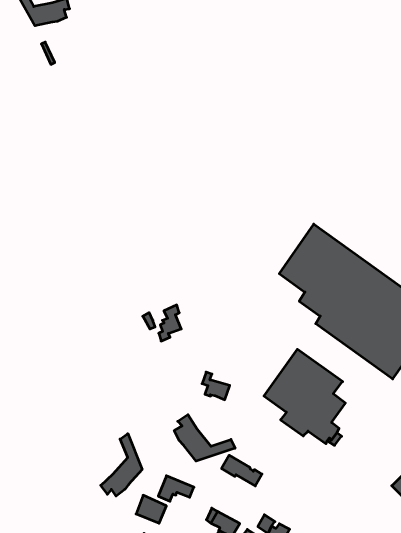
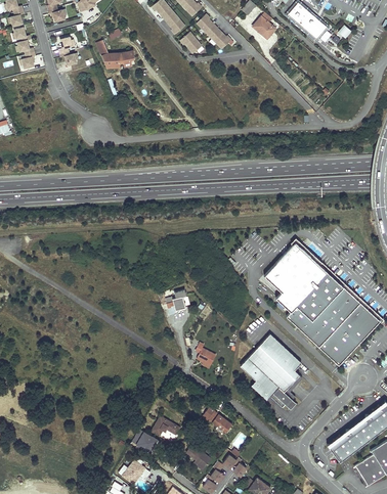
building: [174,415,235,461] -> none
building: [101,434,142,496] -> none

